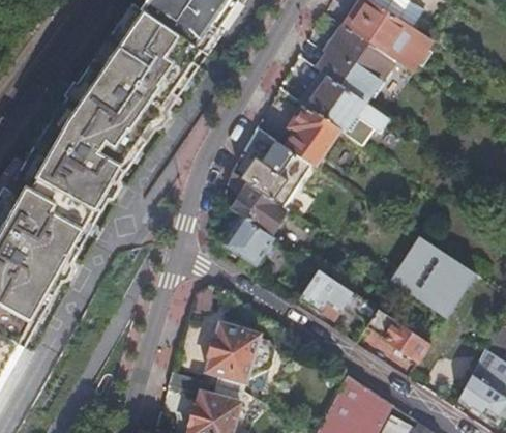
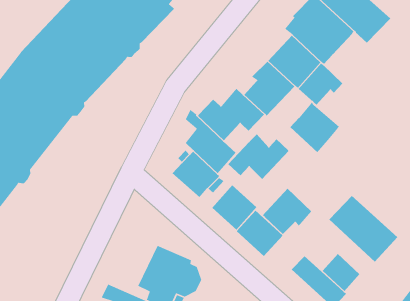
building: none -> [289,102,340,153]
building: none -> [227,133,290,180]
building: none -> [262,188,312,235]
building: none -> [211,185,257,230]
building: none -> [322,253,360,292]

